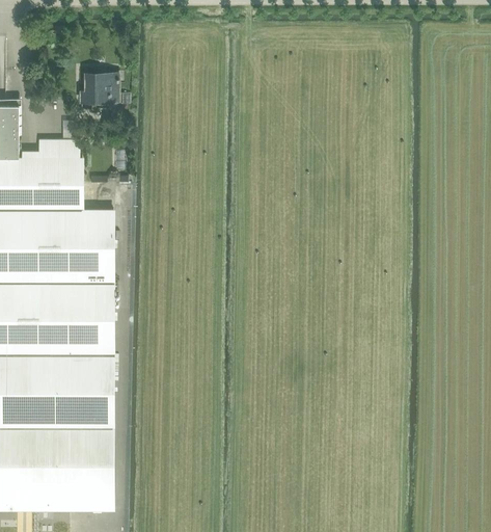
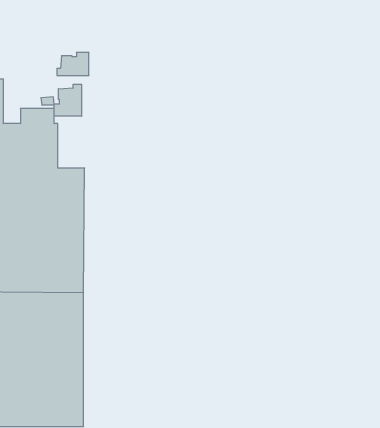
building: none -> [54,84,82,116]

